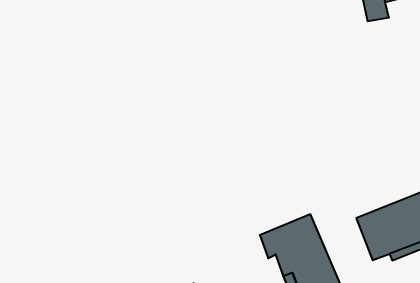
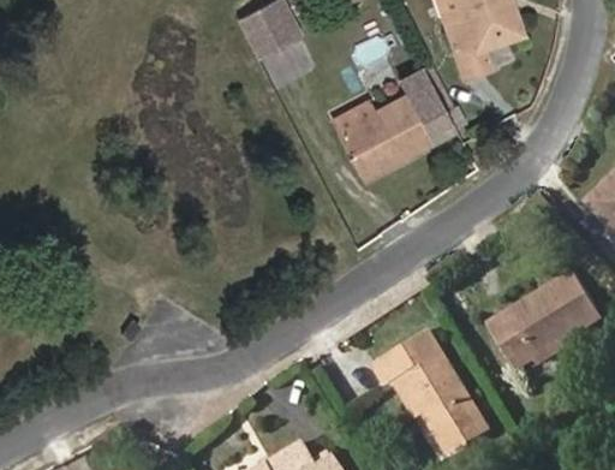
building: none -> [340,71,456,182]

